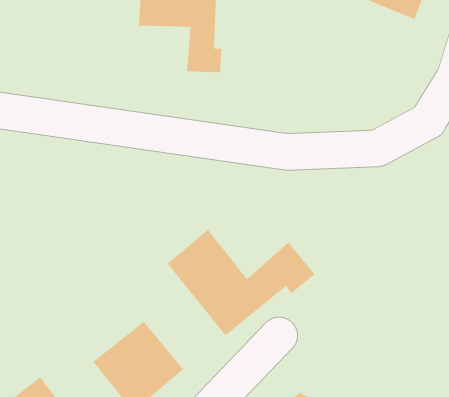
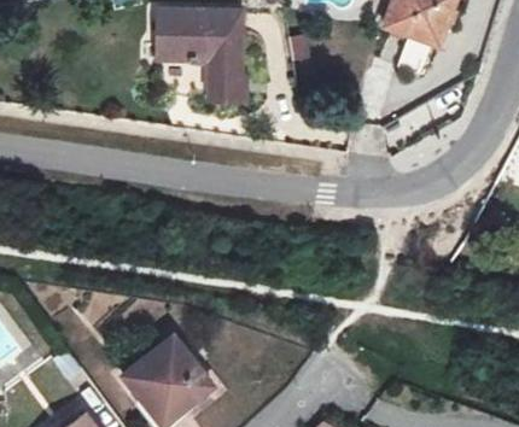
building: [167,229,315,336] -> none

